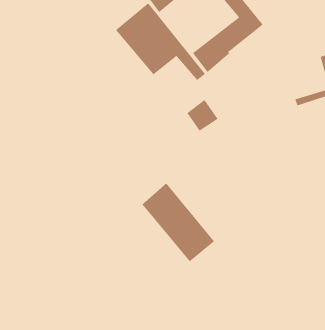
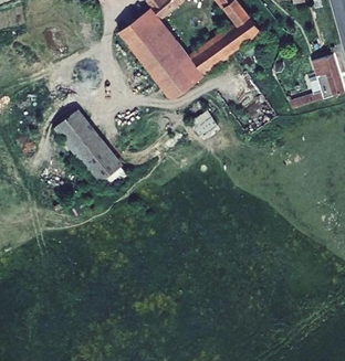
building: none -> [154,62,196,104]
building: [141,183,215,262] -> [50,102,121,178]

